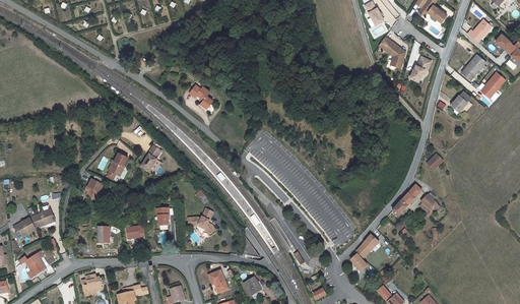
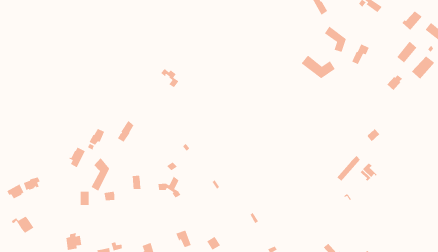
building: none -> [300,55,336,79]
building: none -> [91,157,110,192]
building: [351,235,379,271] -> none

